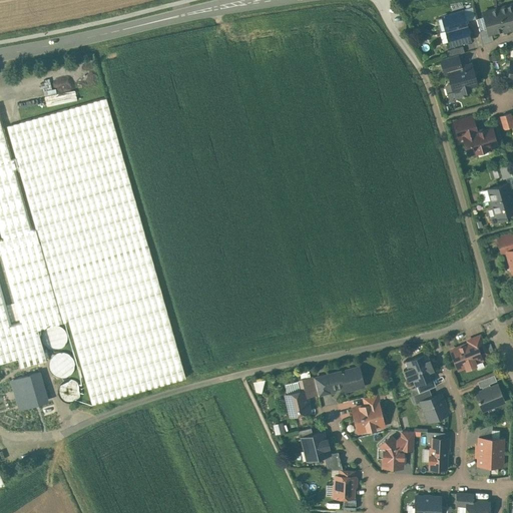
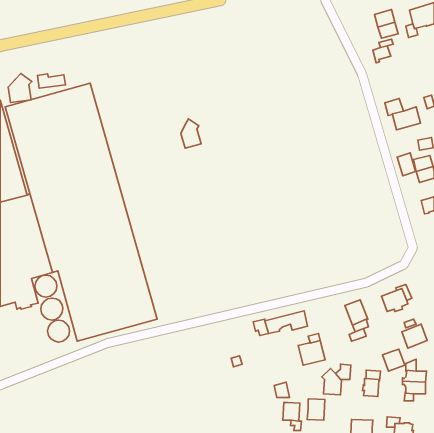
building: [447,64,476,93] -> none
building: none -> [8,74,32,102]
building: none -> [181,119,201,148]
building: none -> [397,153,416,176]
building: [10,372,49,411] -> none
building: [285,391,310,418] -> none
building: [421,395,447,421] -> [383,349,405,371]
building: [305,433,328,459] -> none
building: none -> [307,399,325,420]

